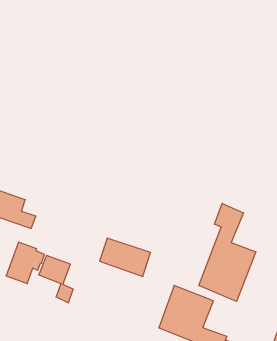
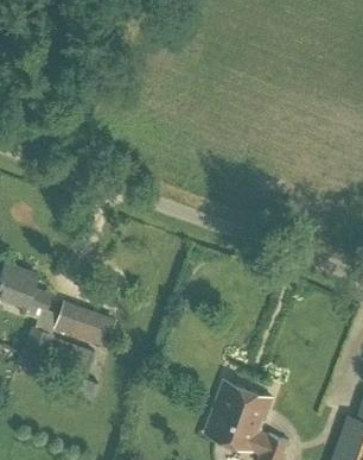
building: [199,203,256,301] -> none
building: [100,238,150,276] -> [51,300,114,347]

